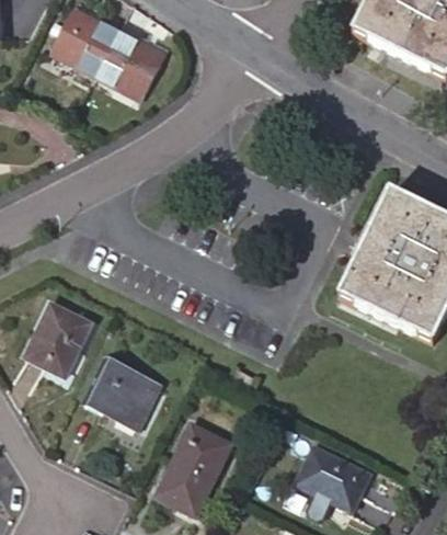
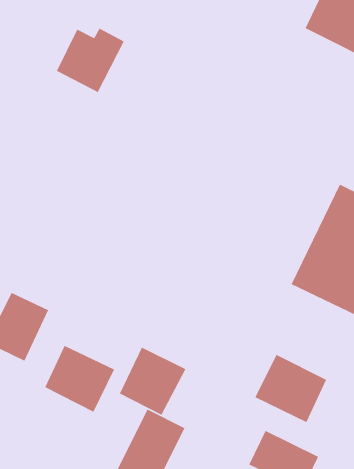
building: [51,8,119,75] -> none
building: none -> [119,346,186,416]
building: none -> [254,354,327,423]

